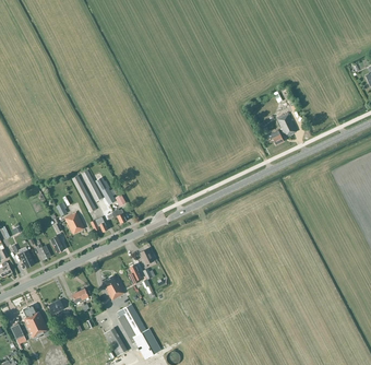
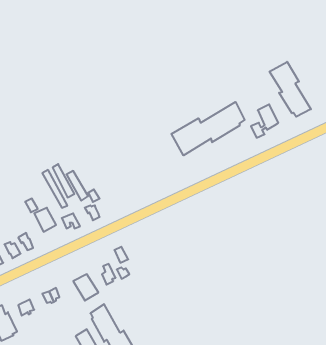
building: none -> [270,62,311,117]
building: none -> [171,102,245,155]

